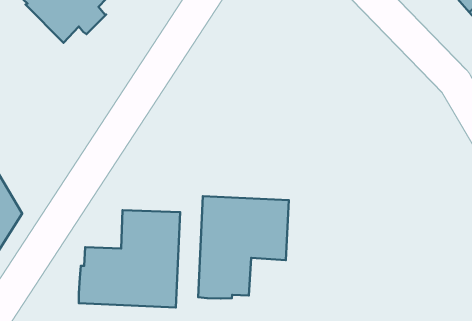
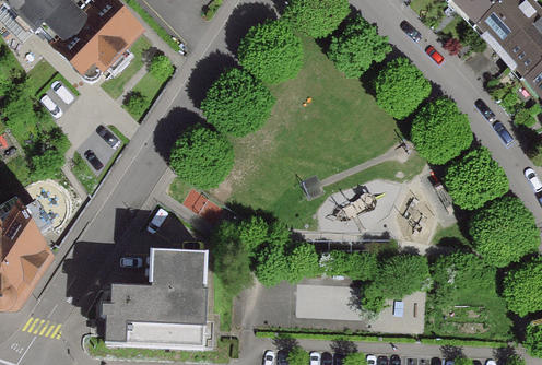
building: [198,196,289,298] -> none

